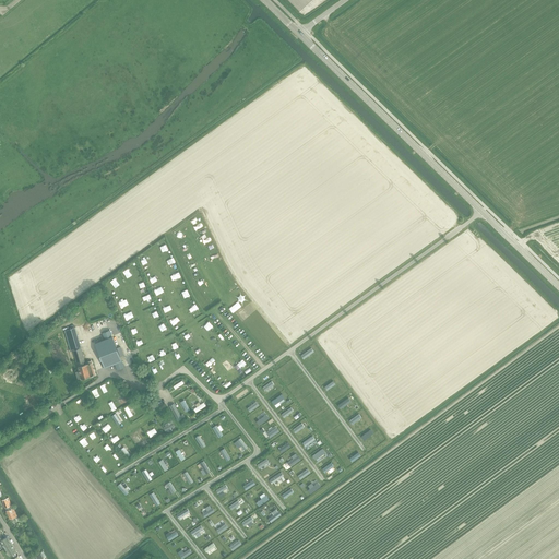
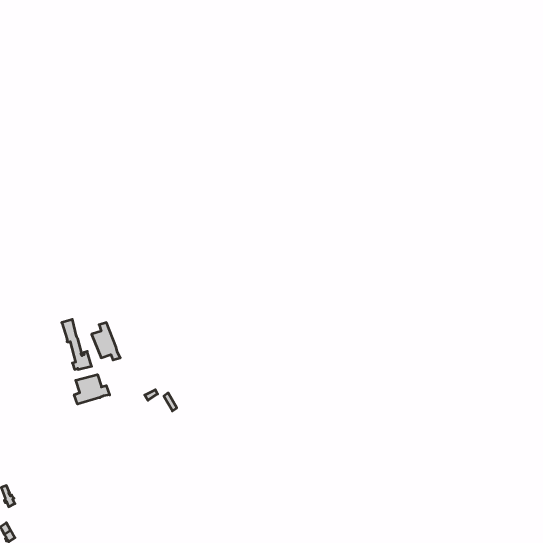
building: none -> [74,375,110,404]

